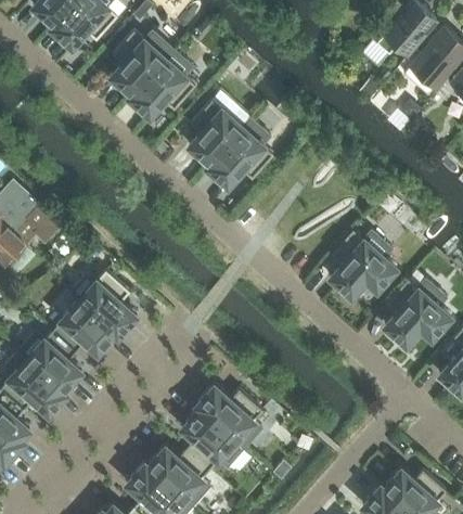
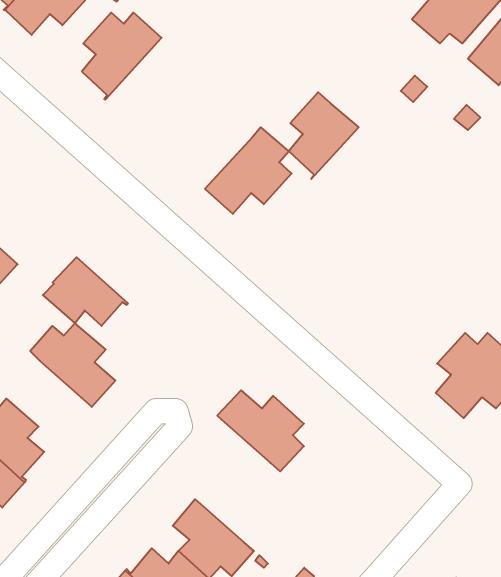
building: [129,51,195,118] -> none
building: [189,101,243,168] -> [289,92,359,179]
building: [330,231,397,297] -> none
building: [52,301,118,355] -> [43,257,128,326]
building: [195,386,262,449] -> [217,390,304,471]

